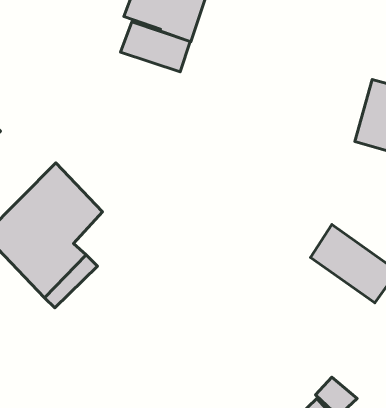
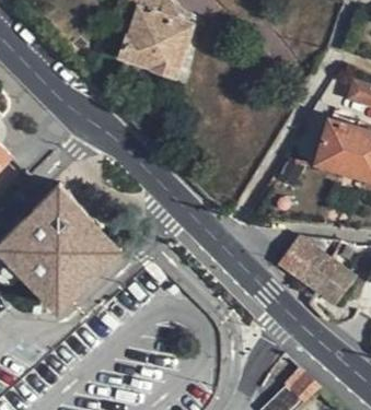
building: [121,22,190,72] -> none
building: none -> [72,226,119,273]

